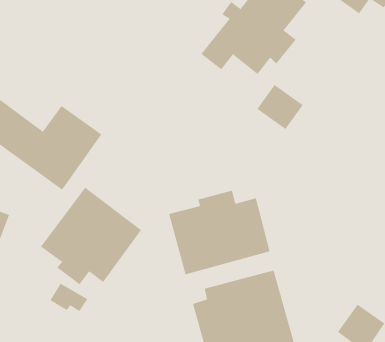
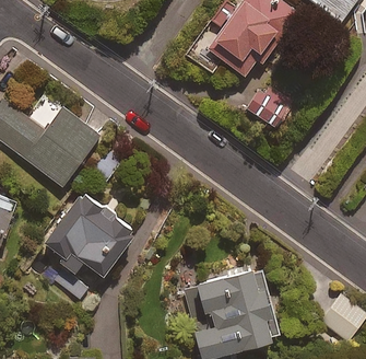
building: [169,190,270,275] -> none

